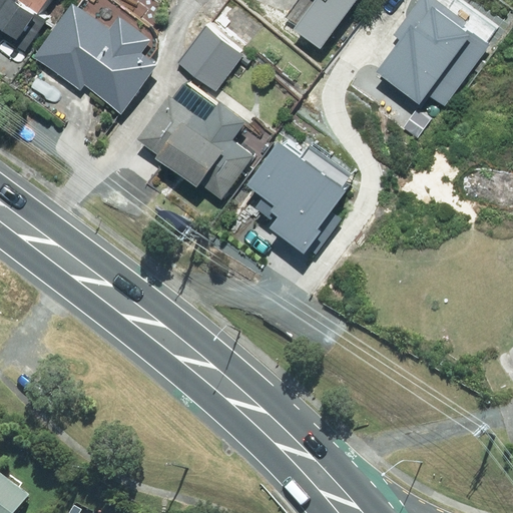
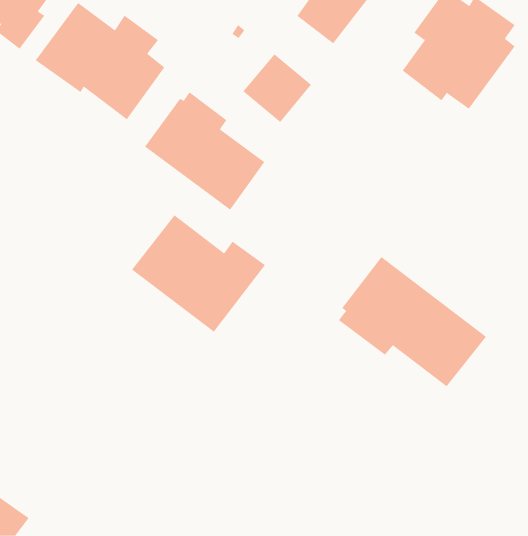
building: [175,23,241,89] -> [242,53,312,123]
building: [226,150,355,263] -> [131,215,266,333]
building: none -> [338,256,487,387]

